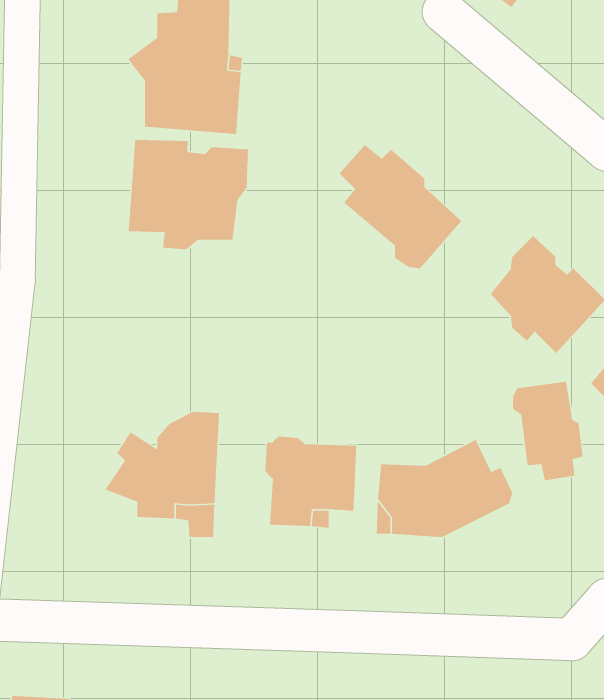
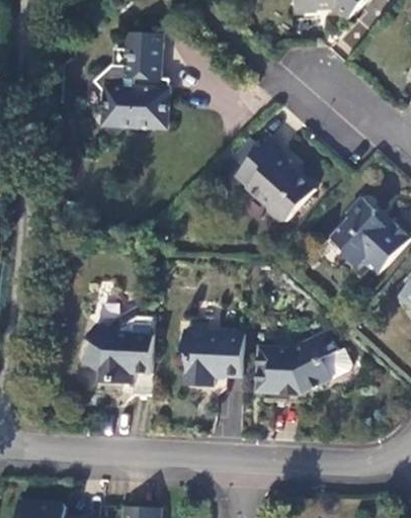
building: [128,139,249,250] -> none
building: [512,381,584,481] -> none

